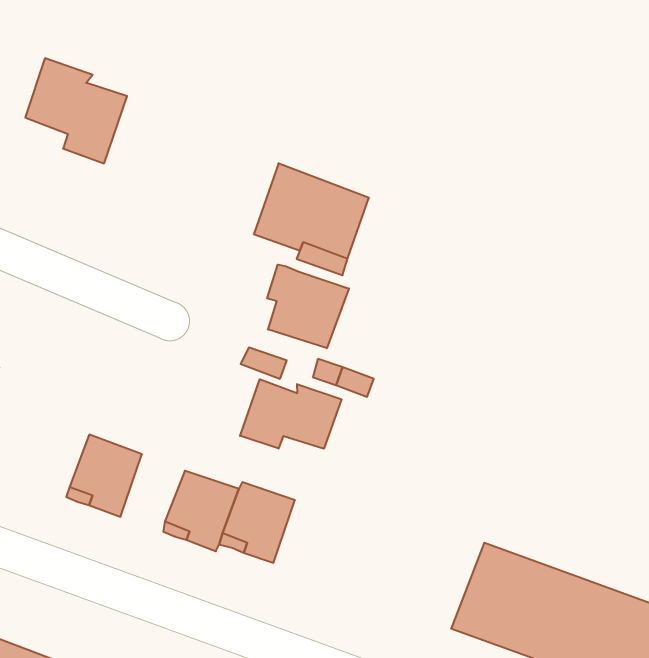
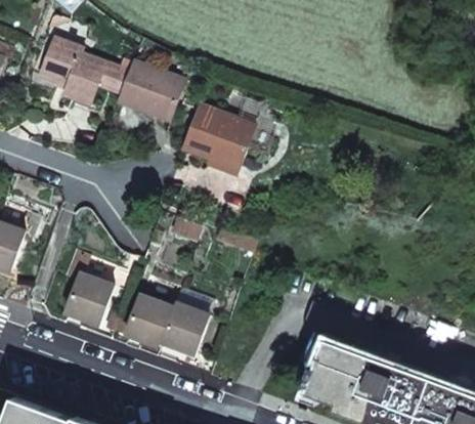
building: none -> [118,61,184,120]
building: [267,265,349,348] -> none
building: [240,379,341,449] -> none

